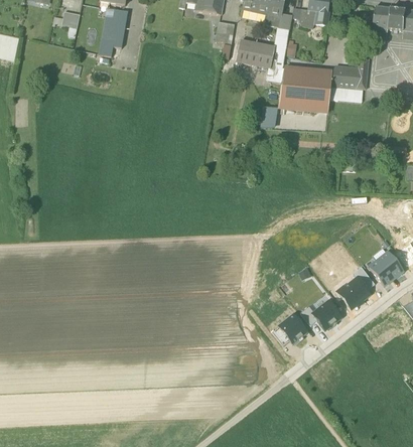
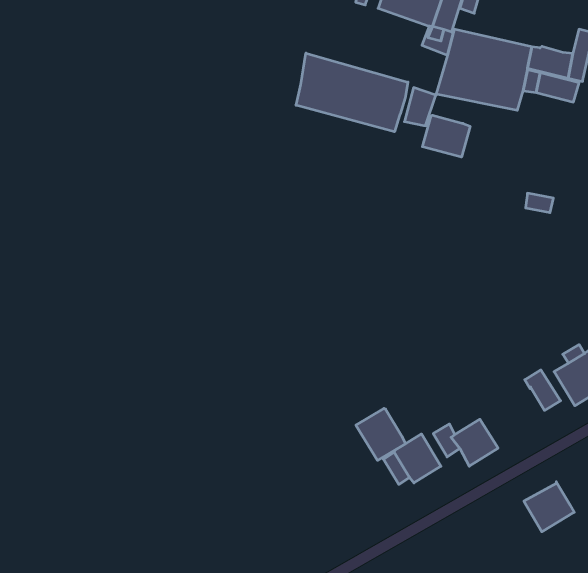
building: none -> [296,53,408,132]
building: none -> [422,115,470,157]
building: [337,277,369,308] -> [524,482,574,532]
building: none -> [356,408,406,460]

